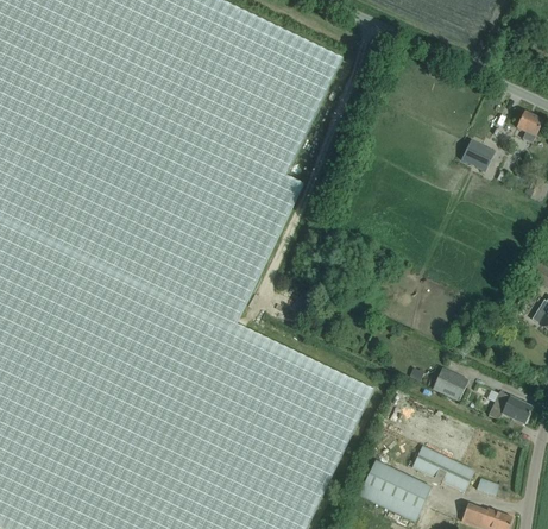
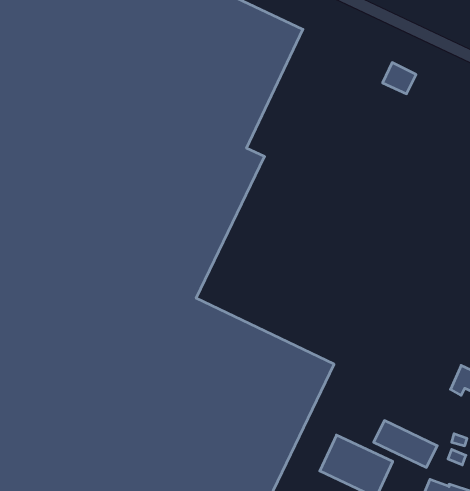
building: [462,140,496,171] -> [383,63,416,94]
building: [433,369,468,402] -> none

